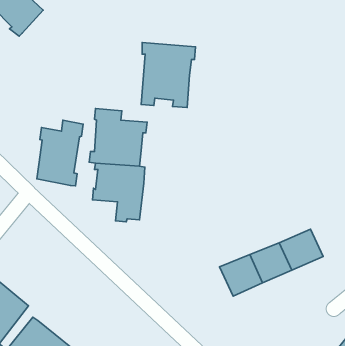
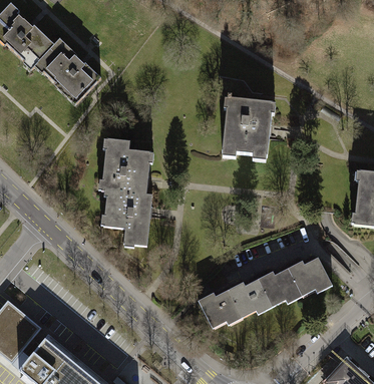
building: none -> [35,40,99,100]
building: [141,43,196,108] -> [223,98,275,160]
building: [37,120,83,186] -> none
building: none -> [199,291,237,334]

